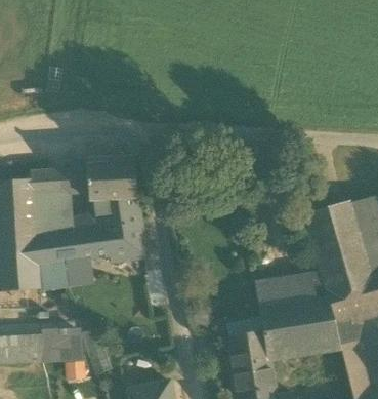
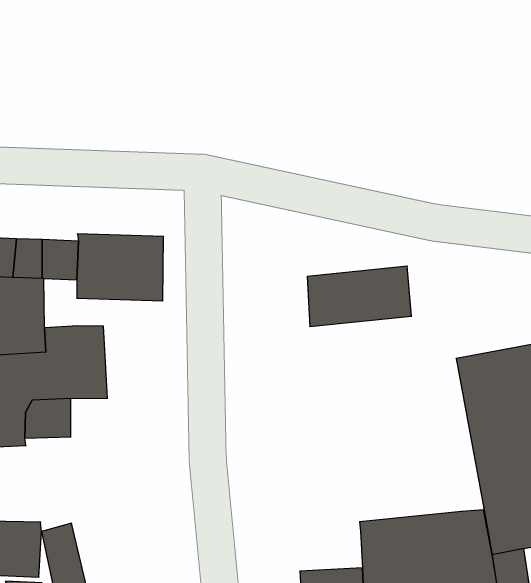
building: [90,198,145,261] -> none
building: [256,272,317,311] -> [307,266,412,326]
building: [227,316,264,342] -> none

